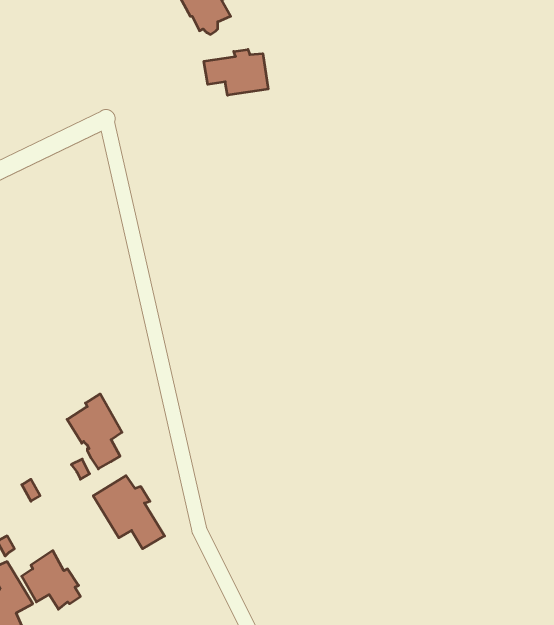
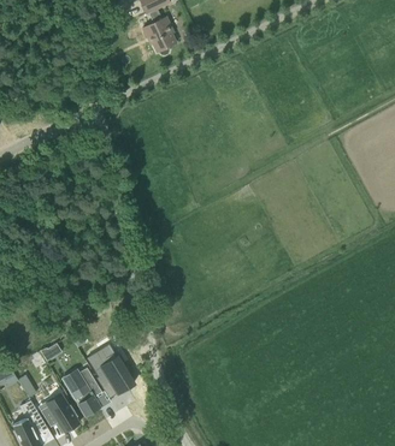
building: [204,49,268,95] -> none
building: [67,394,122,469] -> [66,368,102,417]

